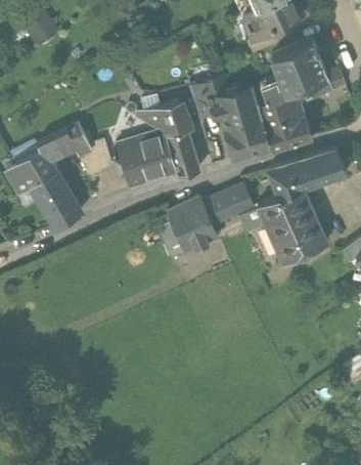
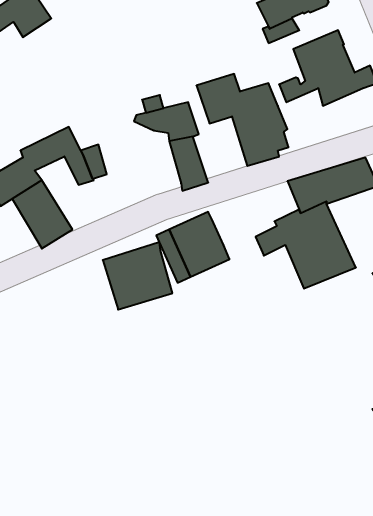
building: [260,89,312,155] -> none
building: [116,128,176,186] -> [103,242,172,310]
building: [202,184,254,225] -> none

